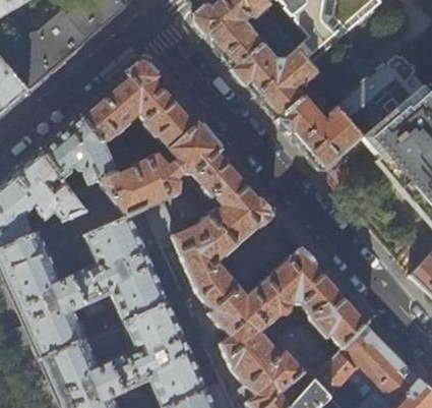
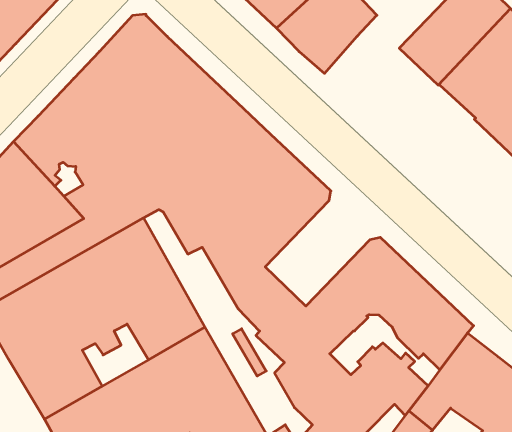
building: [277,96,363,171] -> none

